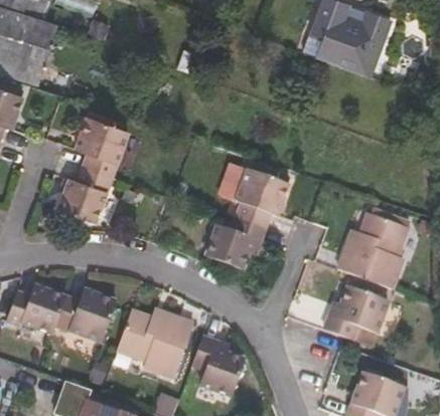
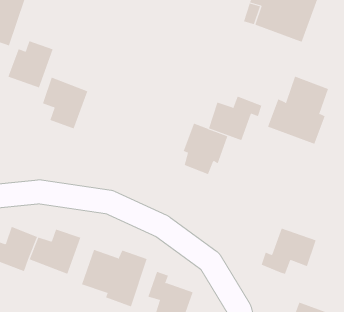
building: [58,164,111,218] -> [8,40,54,88]
building: [336,210,407,288] -> [267,76,329,145]
building: [202,215,264,266] -> [208,96,262,141]

